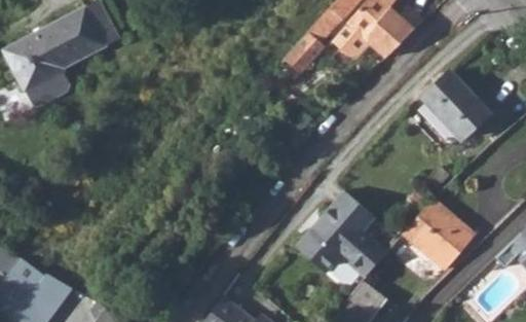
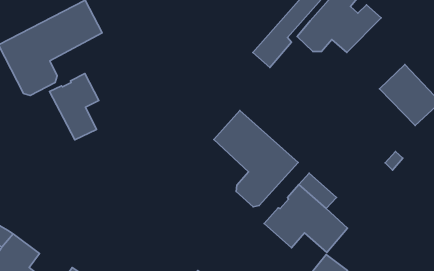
building: none -> [50,74,99,140]
building: none -> [214,111,298,207]
building: [403,200,475,270] -> none

